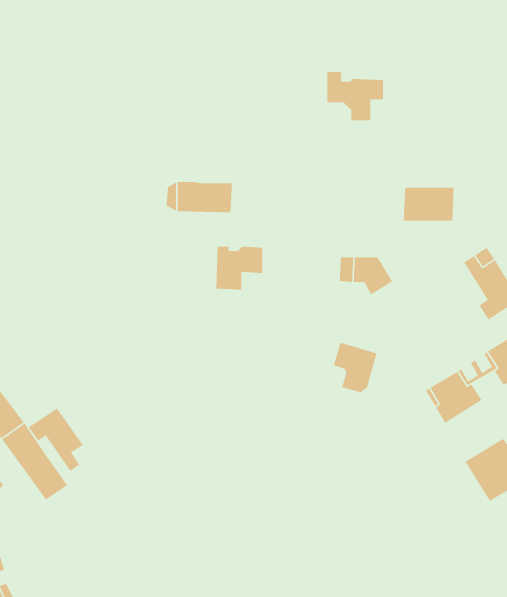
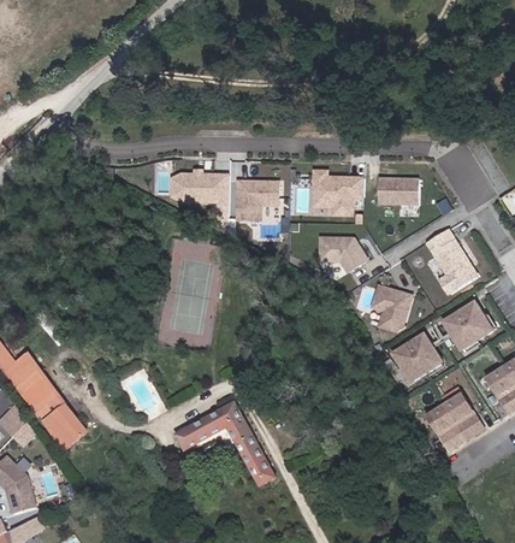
building: [327,71,384,121] -> [312,170,361,213]
building: [216,246,263,291] -> [233,181,274,219]
building: [333,342,378,393] -> [371,285,409,330]
building: [28,407,84,472] -> none
building: none -> [179,401,277,488]

